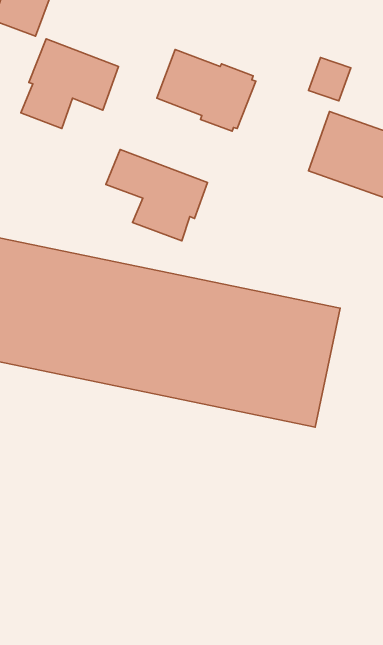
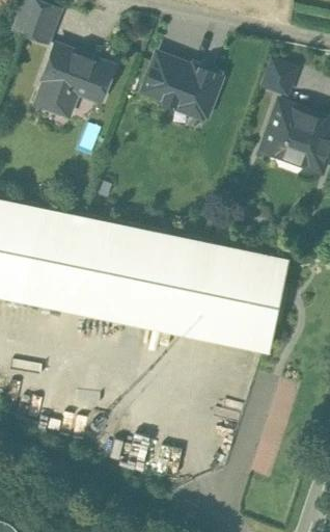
building: [106,150,208,241] -> none

